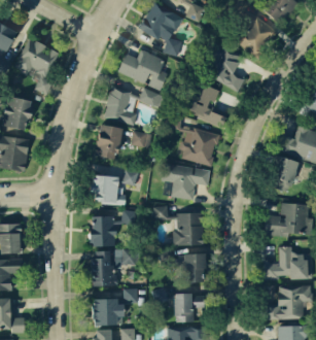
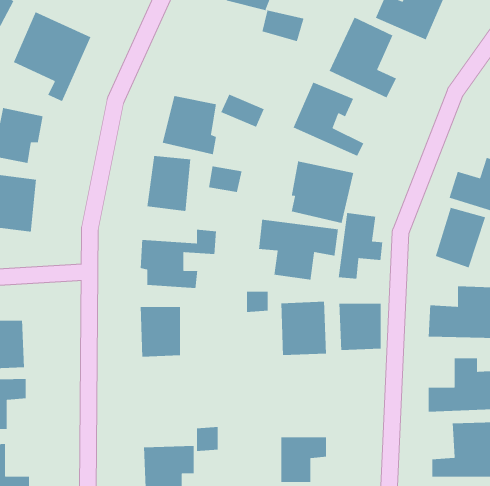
building: [118,48,169,91] -> none
building: none -> [338,212,383,280]
building: [92,249,137,285] -> none
building: [179,253,205,282] -> [339,303,382,351]

